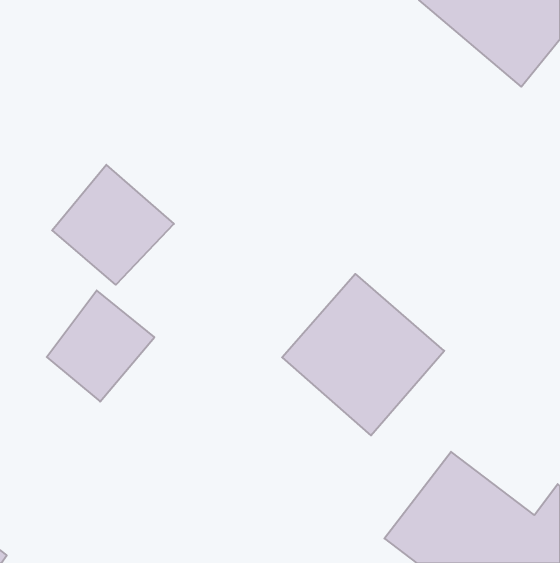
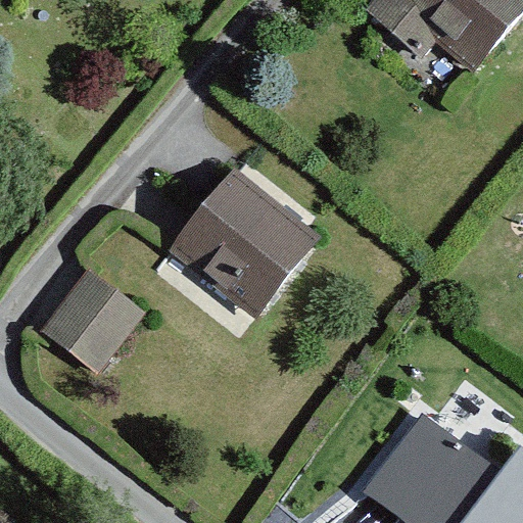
building: [52,165,174,285] -> none
building: [282,274,444,435] -> [168,173,317,321]

